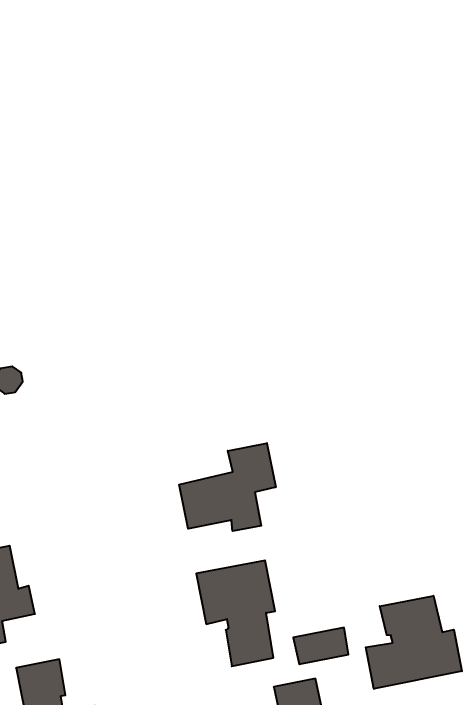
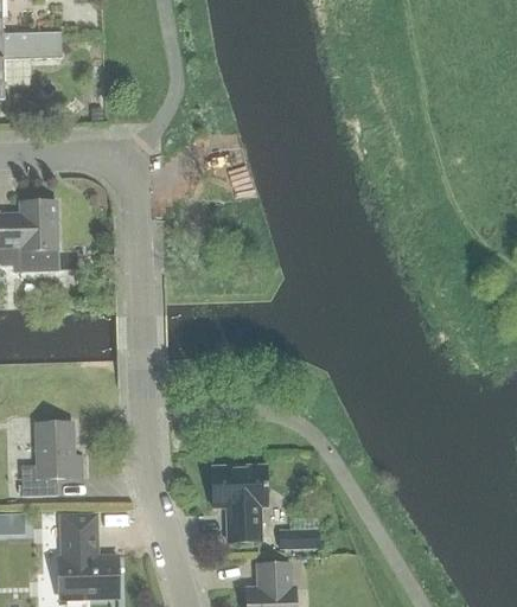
building: [179,443,276,531] -> none
building: [366,596,462,689] -> none

